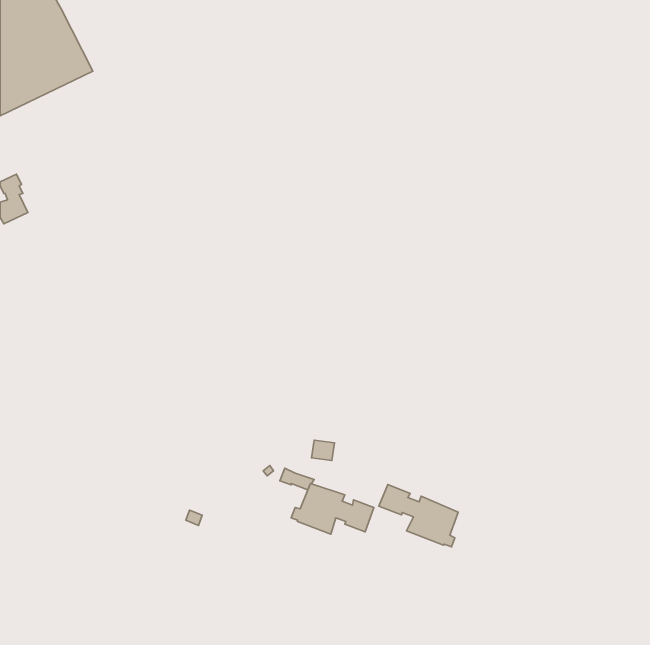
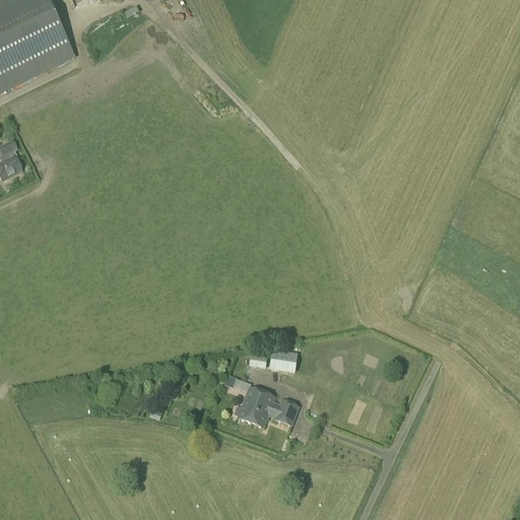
building: none -> [269,348,298,373]
building: [379,485,458,547] -> none

